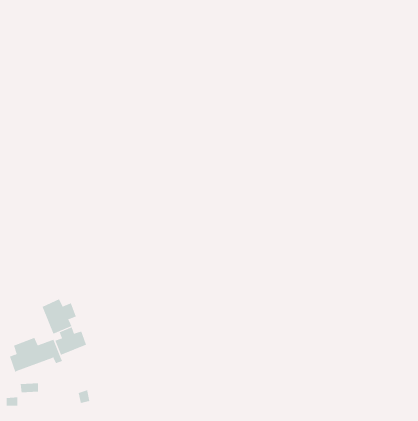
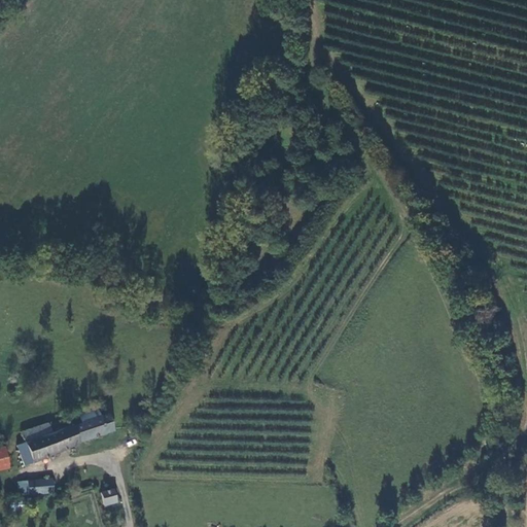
building: [42,299,77,334] -> none

